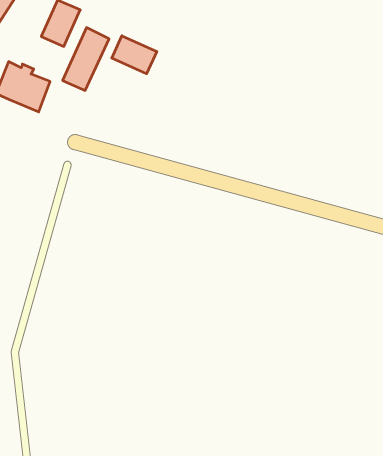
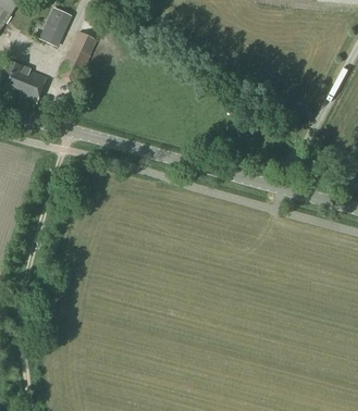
building: [112,36,157,74] -> none

